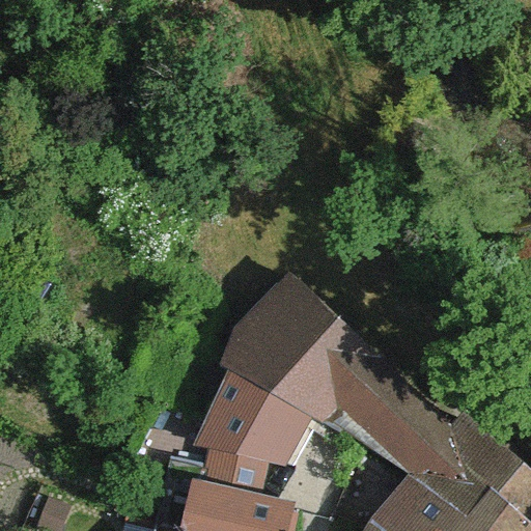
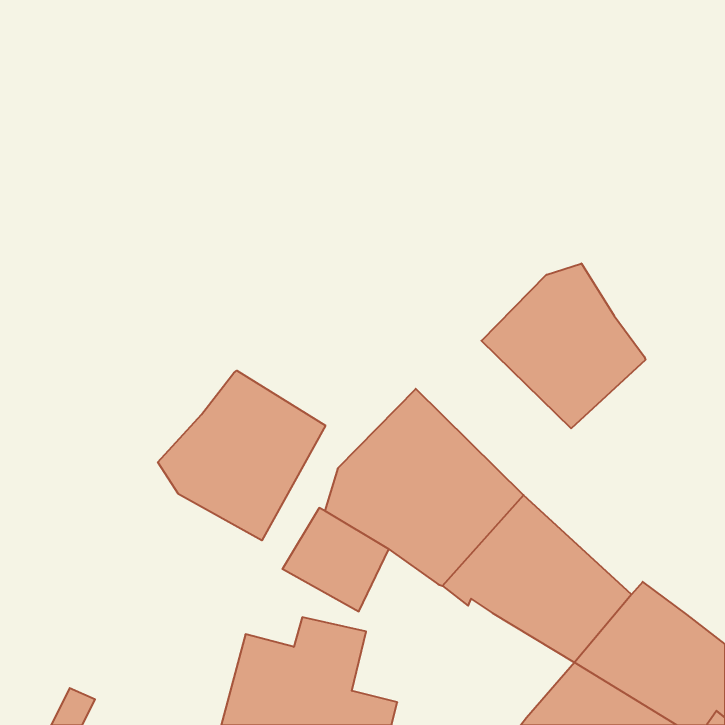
building: none -> [481,263,645,428]
building: none -> [158,371,325,540]

